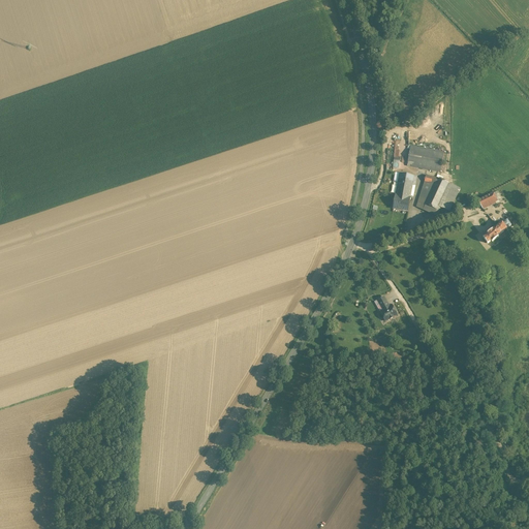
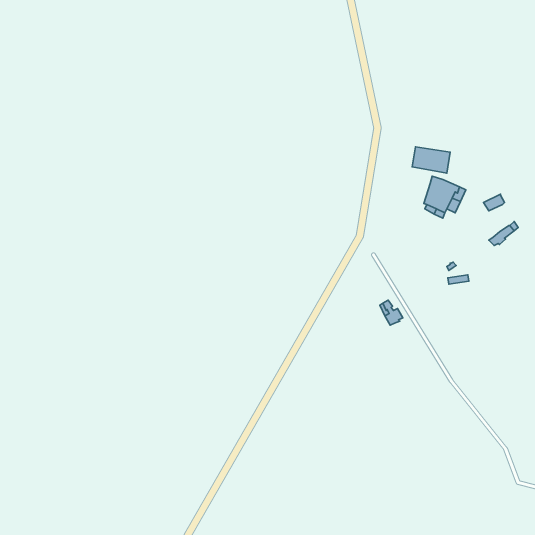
building: [393,173,413,210] -> none

